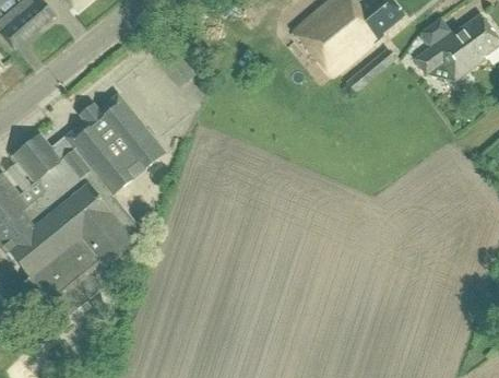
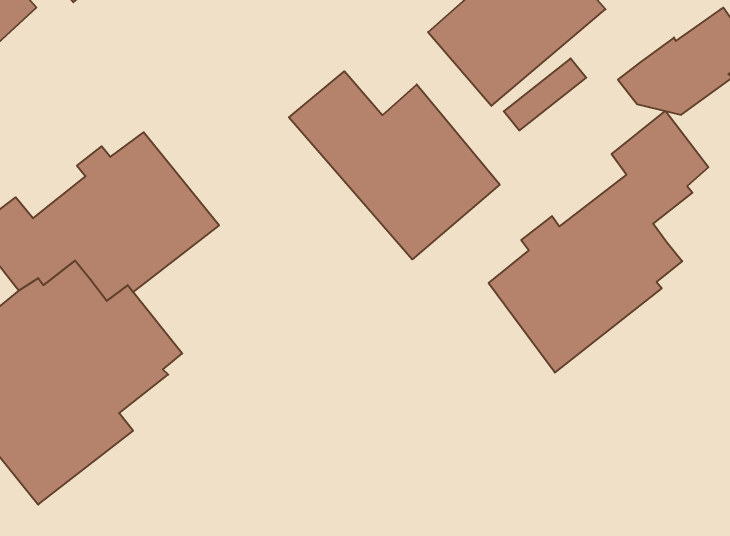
building: none -> [289,71,500,259]
building: none -> [489,111,708,373]

